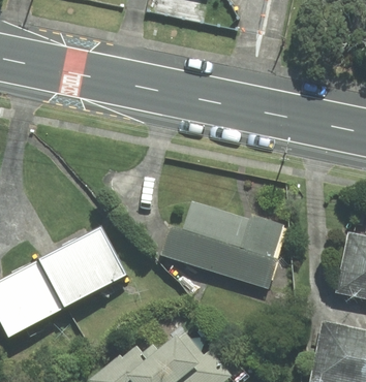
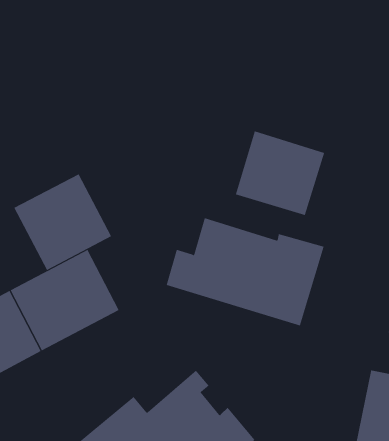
building: none -> [235,131,325,216]
building: none -> [14,173,112,271]

